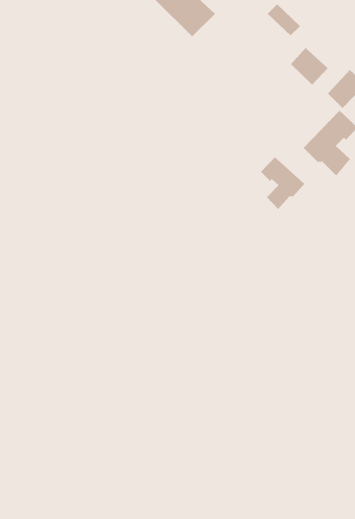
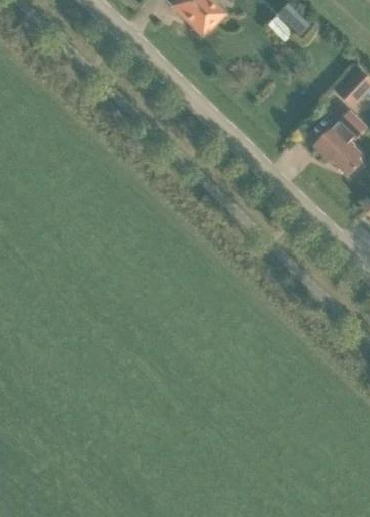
building: [290,47,328,85] -> none
building: [260,156,305,210] -> none

